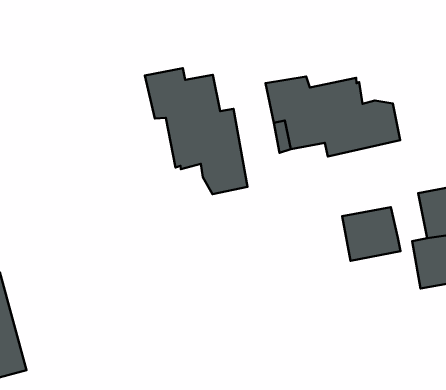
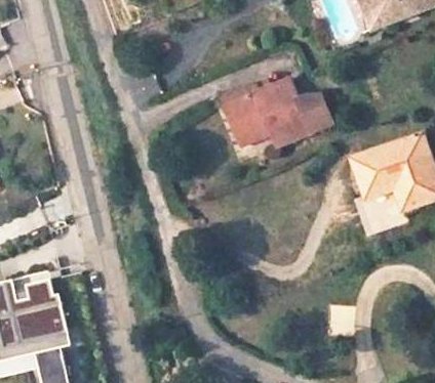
building: [145,68,248,194] -> none
building: [342,207,400,261] -> none

